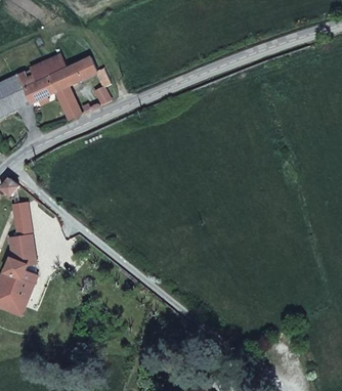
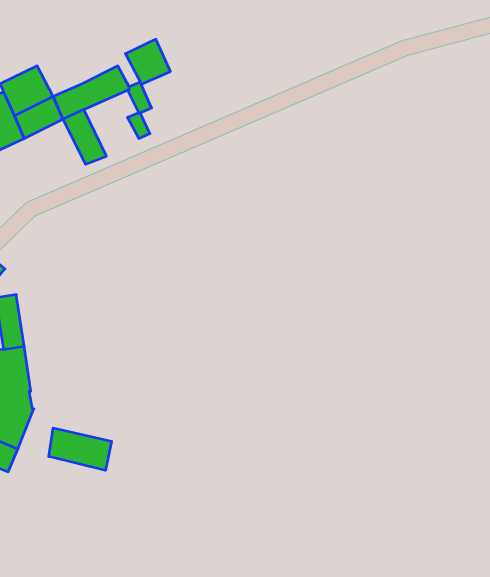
building: [38,48,67,77] -> [125,39,170,84]
building: none -> [49,428,112,470]

